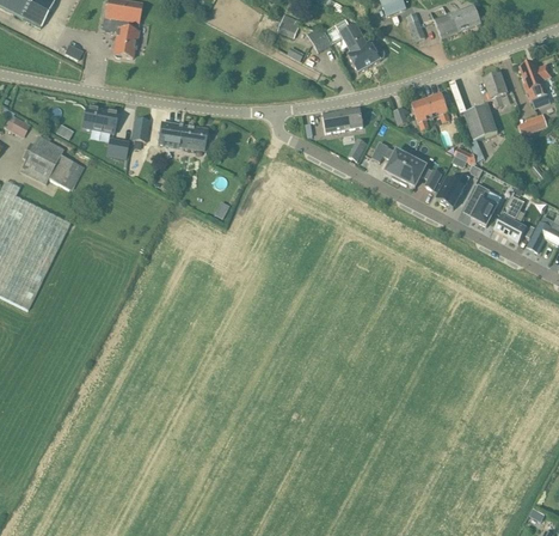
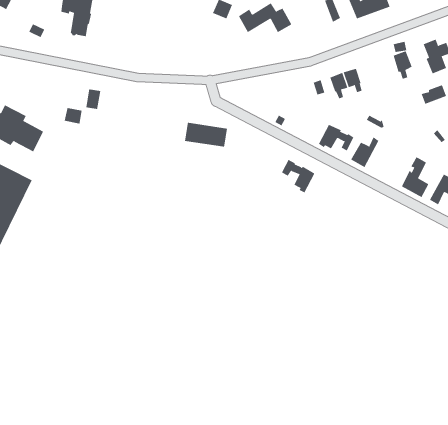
building: [350,42,386,72] -> none
building: [465,104,498,140] -> none
building: [81,106,118,133] -> none
building: [322,106,362,133] -> none
building: [159,122,209,151] -> [184,122,228,147]
building: [371,141,411,181] -> [281,159,315,193]
building: [471,183,497,225] -> none

